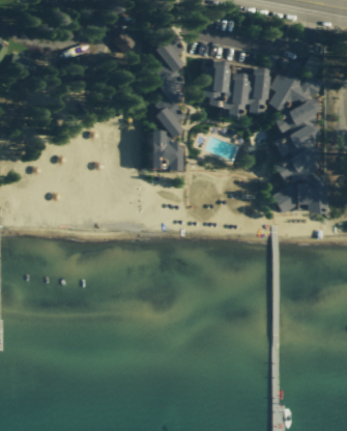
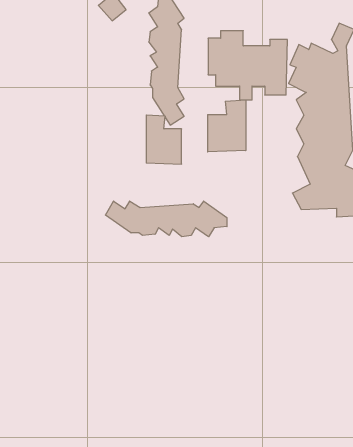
building: none -> [208,100,246,152]
building: none -> [105,201,227,237]

